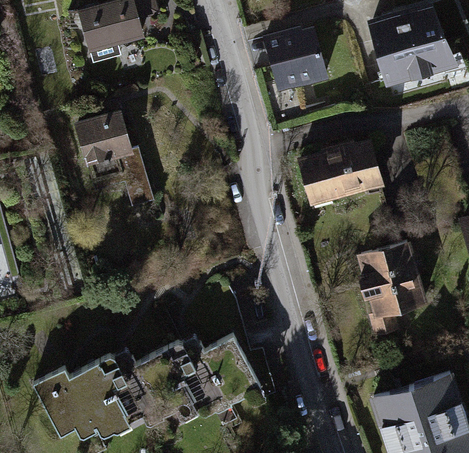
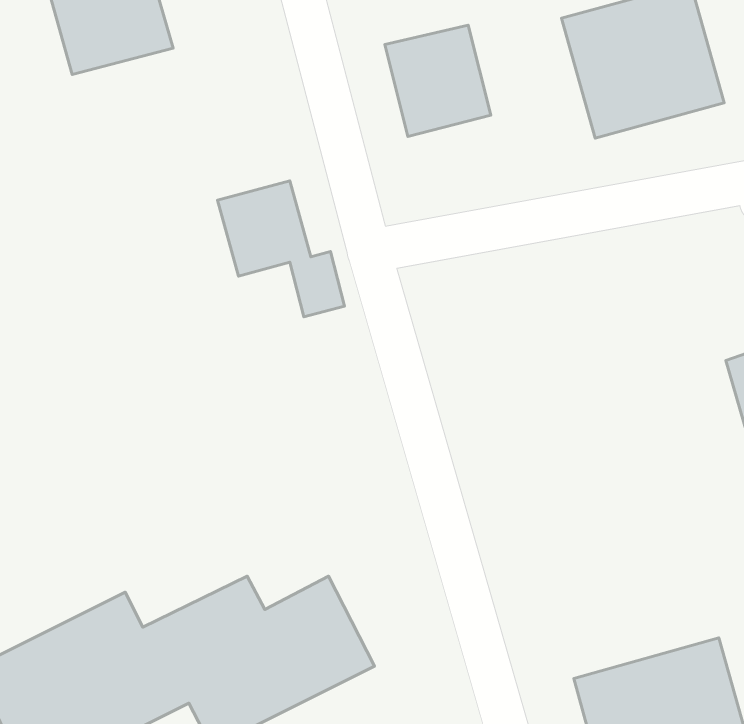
building: [75,113,147,190] -> [217,181,345,317]
building: [298,139,385,207] -> none
building: [357,241,424,317] -> none

